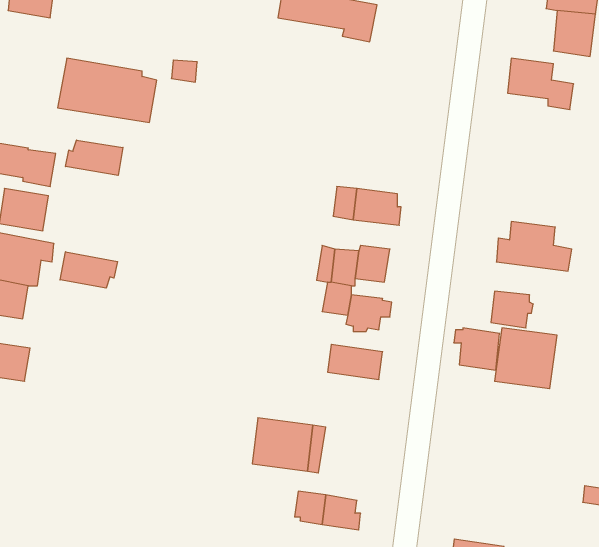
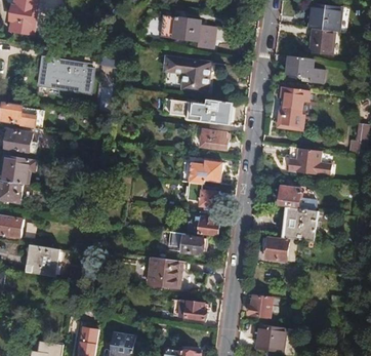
building: none -> [167,56,213,91]
building: none -> [277,86,312,127]
building: none -> [169,96,233,124]
building: [66,140,123,175] -> none
building: [60,252,118,288] -> none
building: [454,328,500,370] -> [262,237,288,261]
building: none -> [175,232,206,253]
building: none -> [27,244,55,272]
building: none -> [248,294,272,317]

